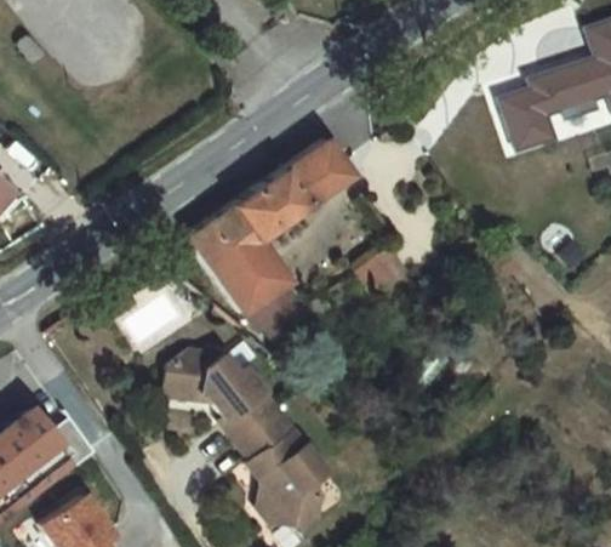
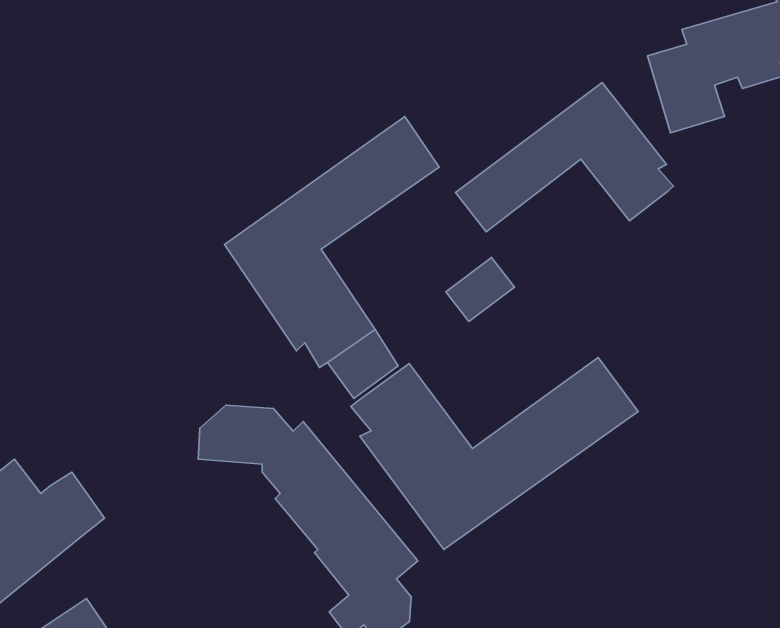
building: none -> [455,82,673,232]
building: none -> [351,358,638,549]

